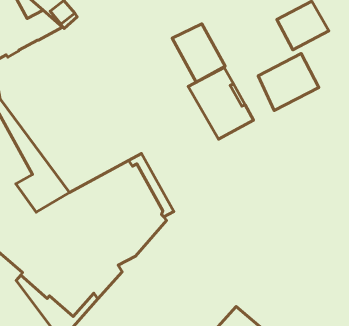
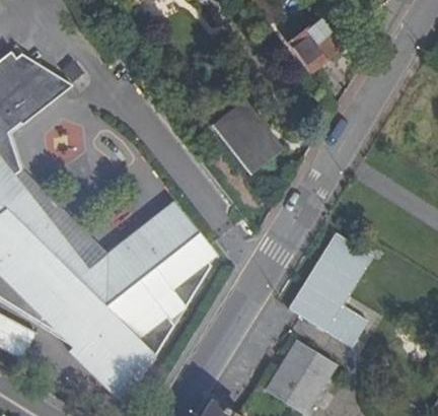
building: [172,24,225,82] -> none
building: [258,53,319,111] -> none
building: none -> [288,231,373,347]

